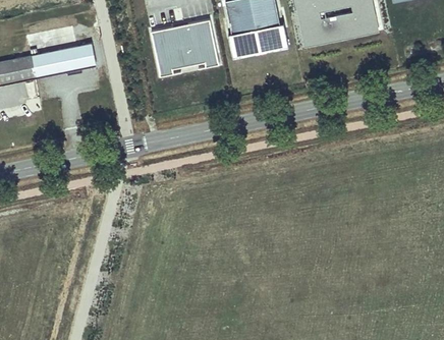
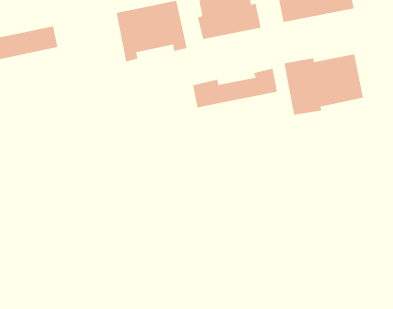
building: none -> [284,53,364,116]
building: none -> [193,68,278,108]

